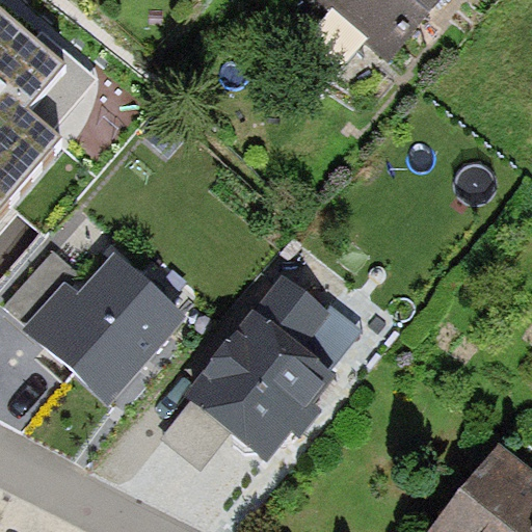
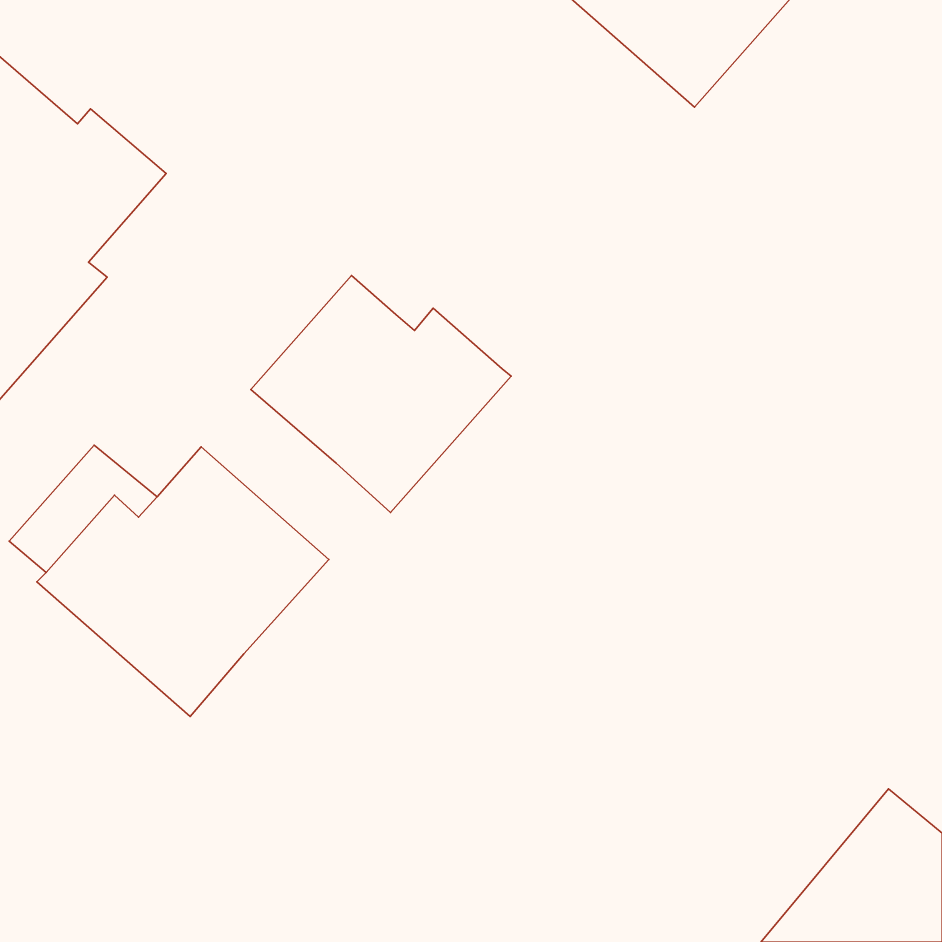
building: none -> [251,276,511,513]
building: [163,273,335,468] -> none

